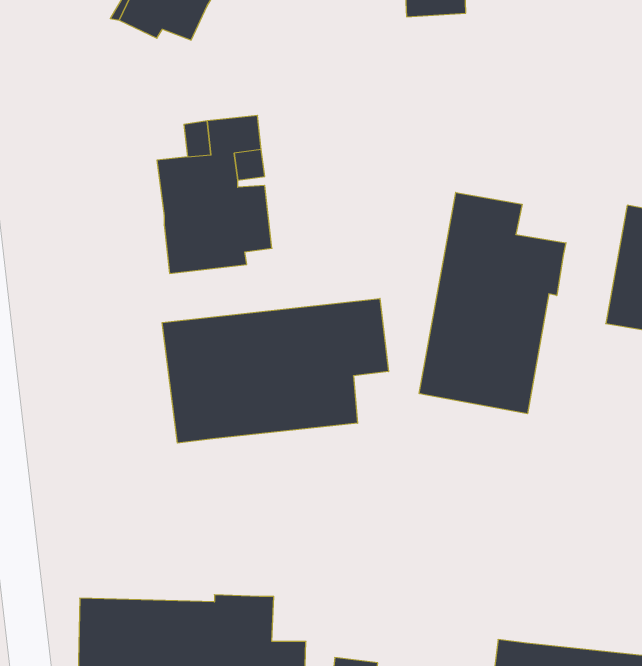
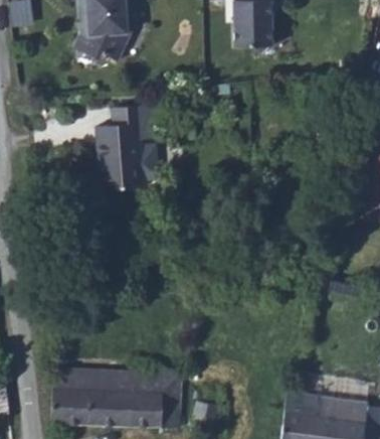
building: [419,192,566,414] -> none
building: [162,298,389,443] -> none

